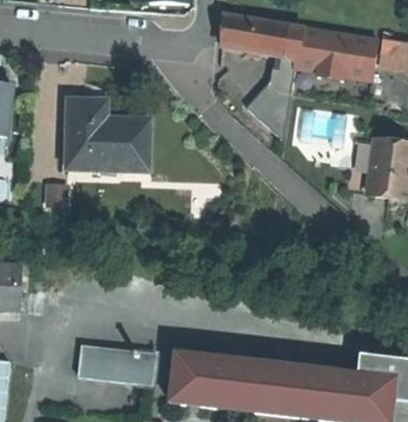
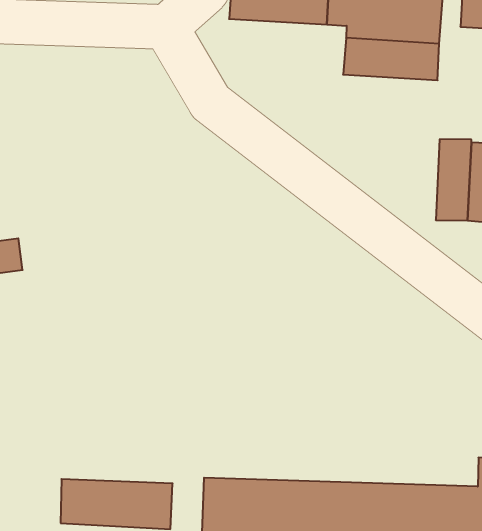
building: [66,99,150,172] -> none

